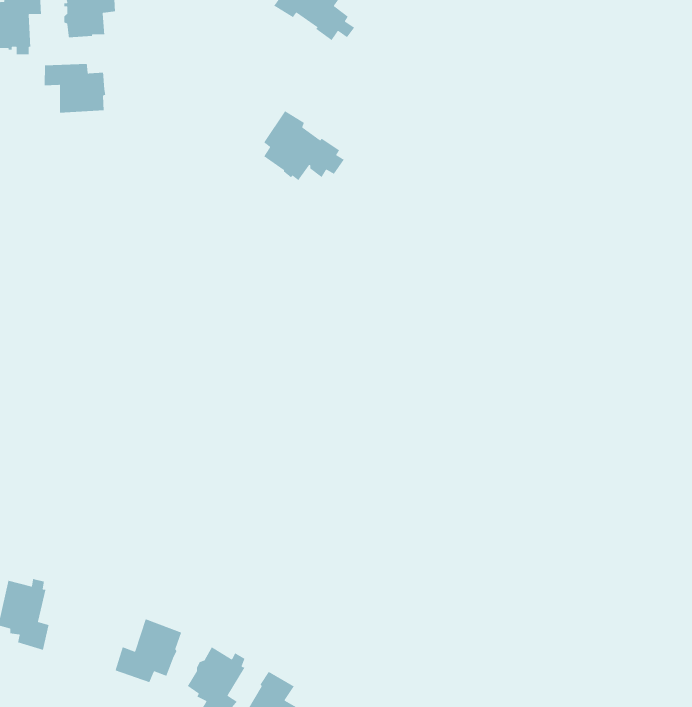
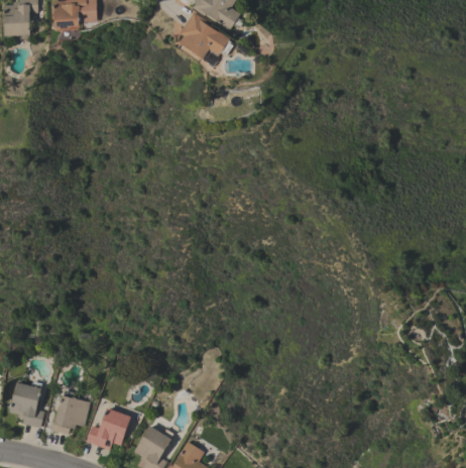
building: [44,63,106,114] -> none
building: [263,110,345,181] -> [179,12,232,58]
building: none -> [49,391,89,435]

